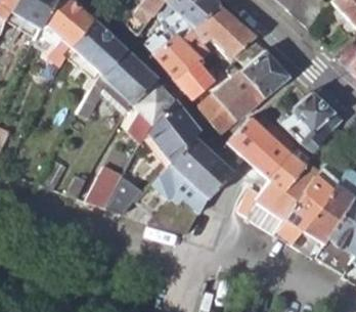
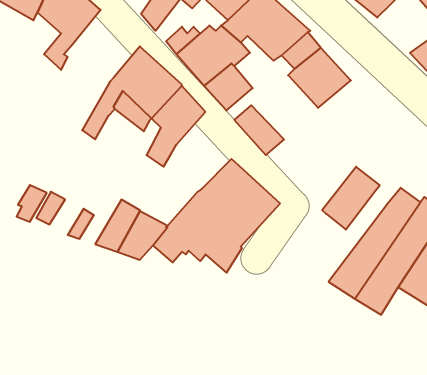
building: [73,19,125,73] -> none
building: [212,63,264,121] -> none
building: [278,90,342,148] -> none
building: [149,99,202,160] -> none
building: [227,116,294,176] -> none
building: [238,162,319,232] -> none

